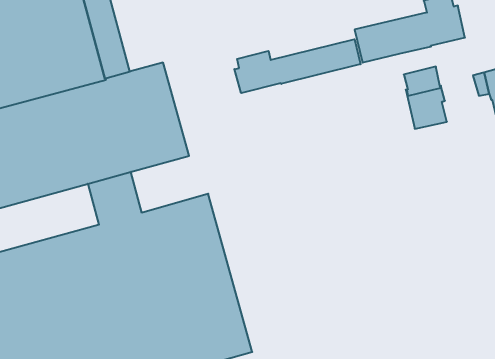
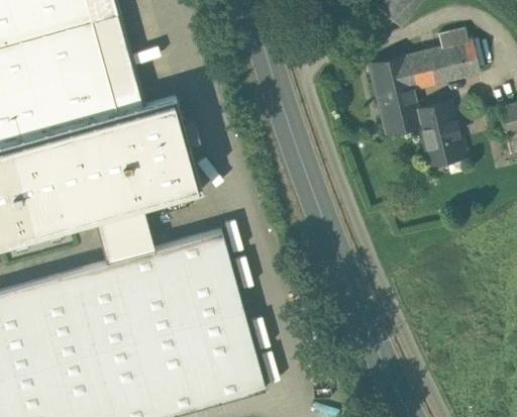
building: [234,39,361,93] -> none
building: none -> [376,89,421,133]

